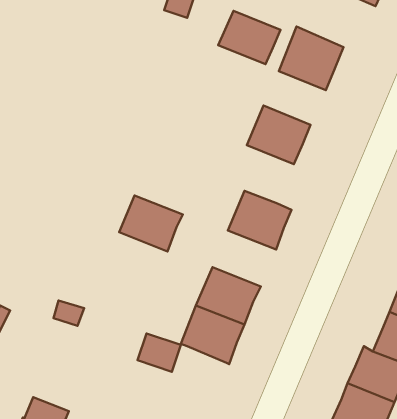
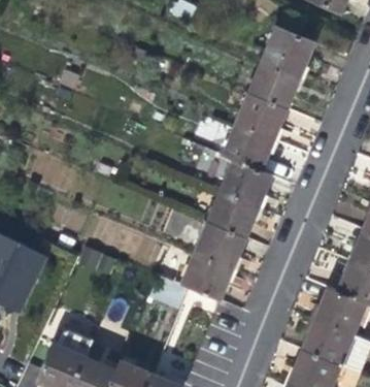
building: [218,11,281,64] -> [248,64,299,107]
building: none -> [222,124,273,171]
building: [119,195,183,251] -> [207,193,259,238]

